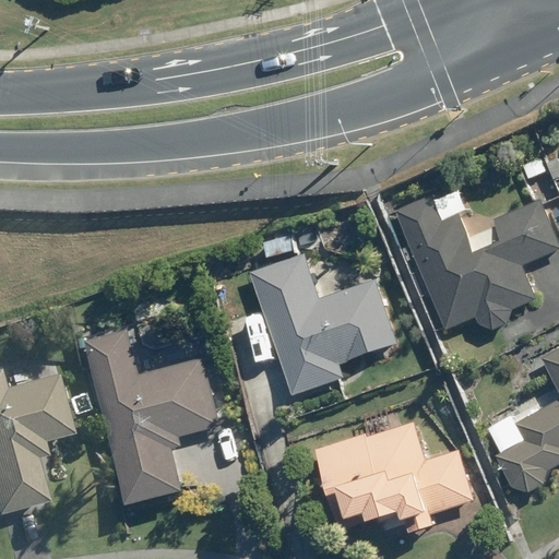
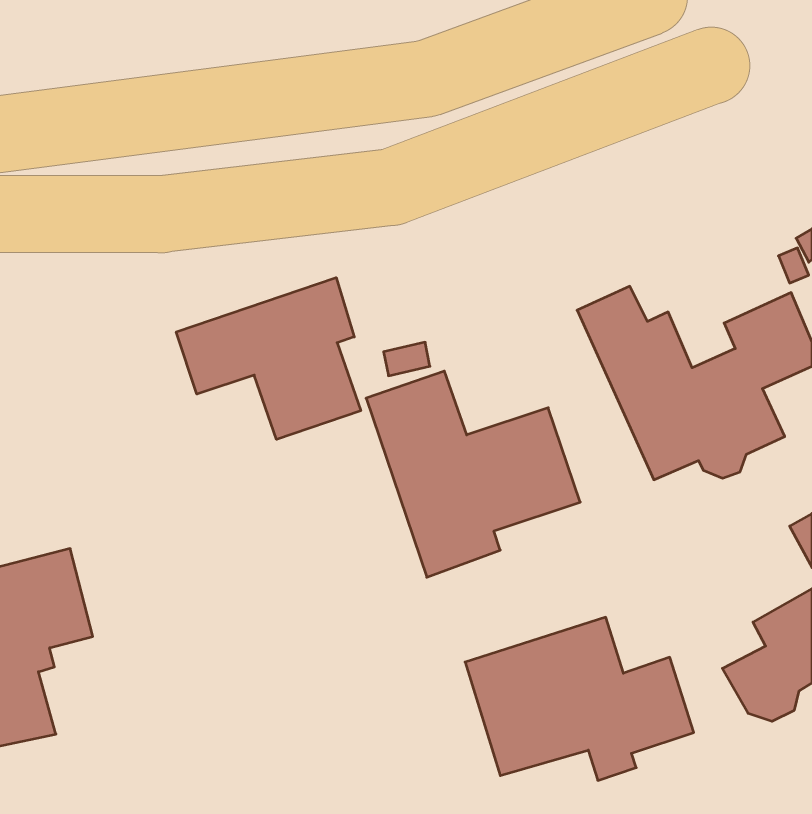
building: none -> [176,278,361,439]
building: [84,330,219,502] -> none

